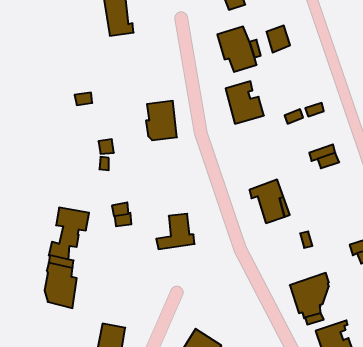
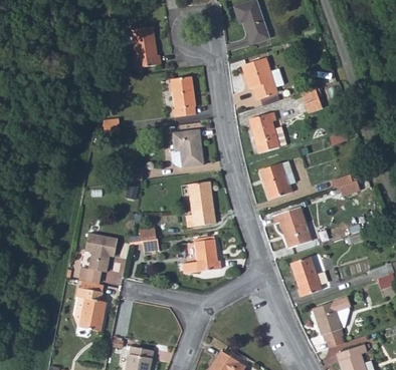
building: [266,26,290,53] -> [302,86,325,112]
building: none -> [172,76,196,116]
building: none -> [259,160,294,200]
building: none -> [186,181,214,228]
building: none -> [290,257,322,297]

